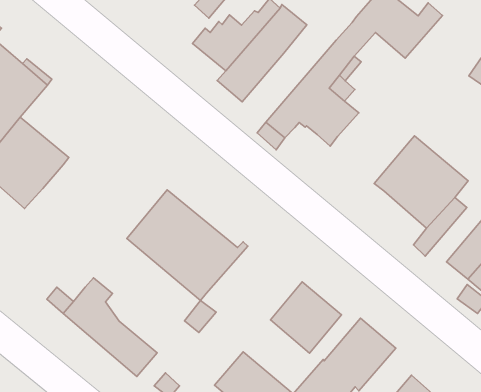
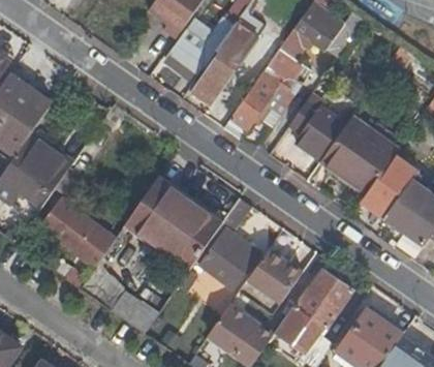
building: none -> [288,92,347,160]
building: none -> [38,198,115,266]
building: none -> [194,201,259,289]

